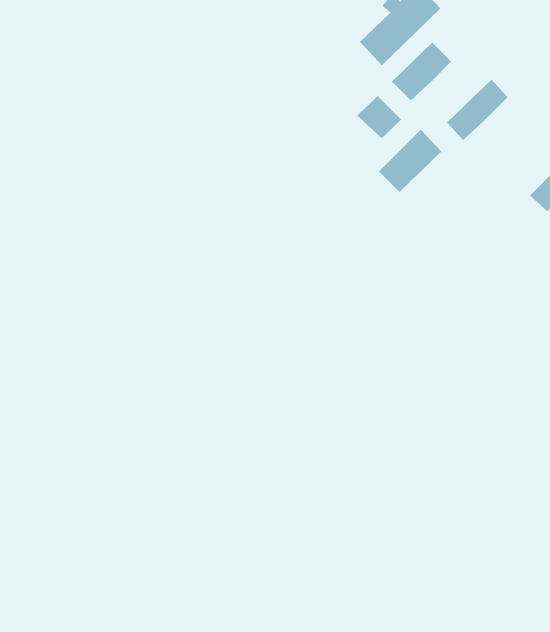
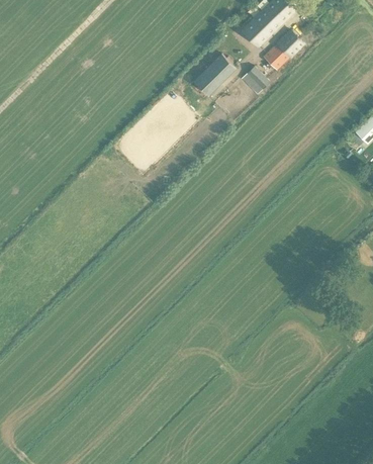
building: [446,79,508,141] -> none
building: [378,129,442,193] -> [193,53,236,95]

